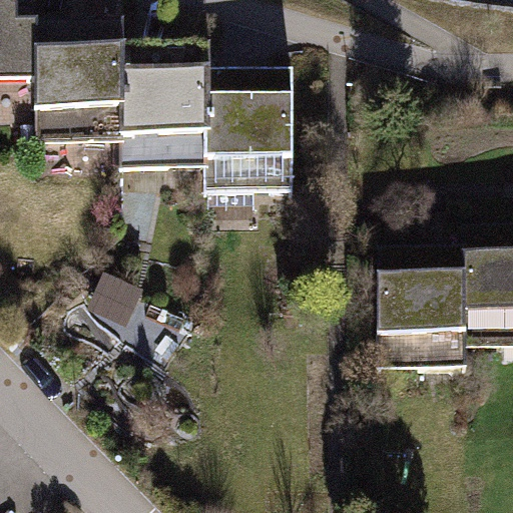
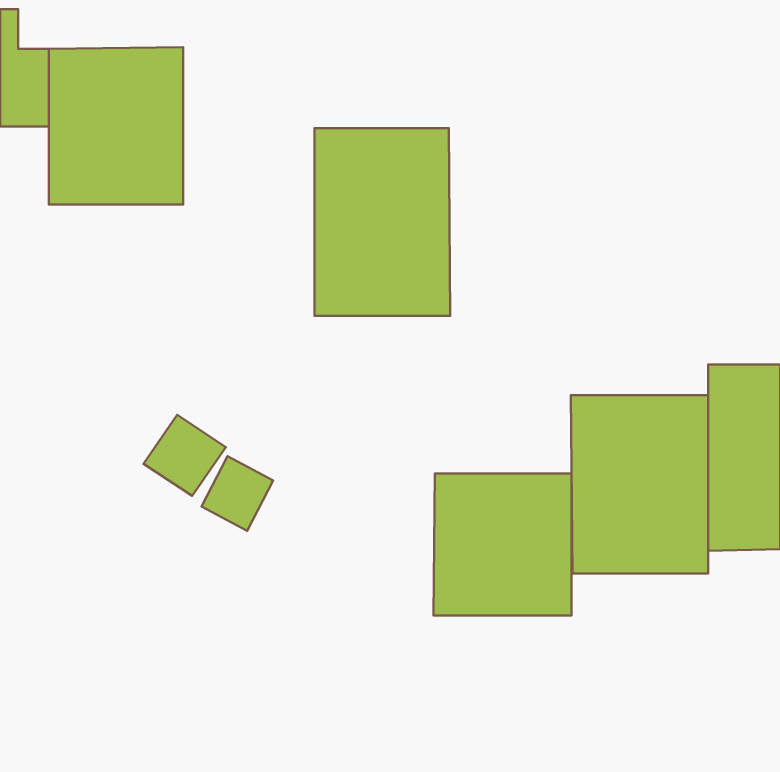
building: [120,56,206,176] -> none
building: none -> [433,473,572,615]

